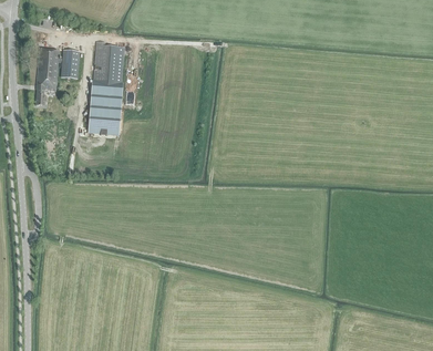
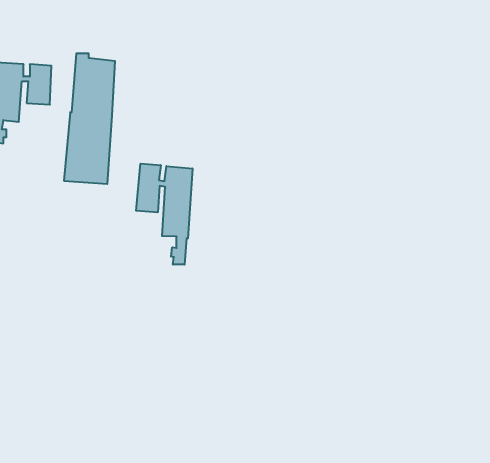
building: none -> [136,164,192,265]

